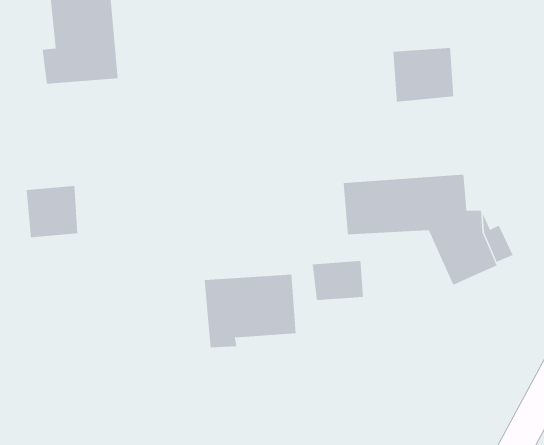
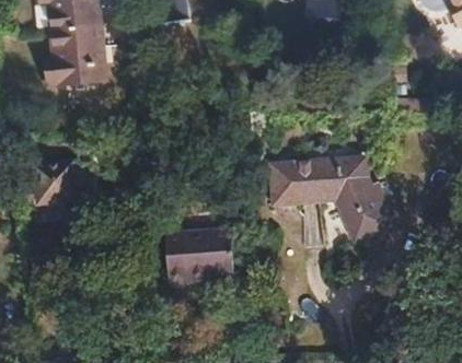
building: [393,47,454,103] -> none
building: [312,260,364,301] -> none

